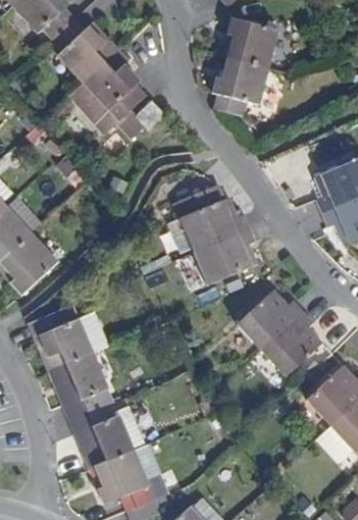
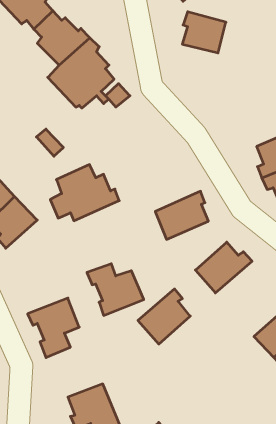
building: [212,56,268,115] -> none
building: [167,186,248,251] -> [50,165,119,221]
building: [265,309,326,373] -> [138,289,190,344]
building: [27,310,93,370] -> [87,264,144,315]
building: [67,409,134,469] -> none

